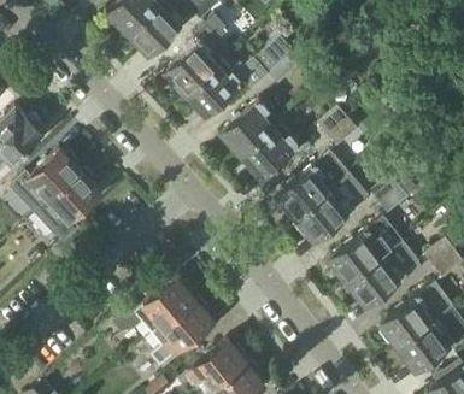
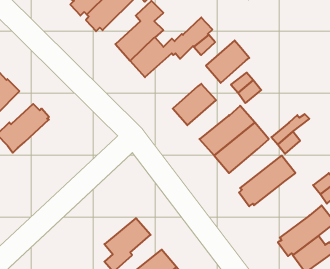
building: [223,101,280,157] -> [206,40,249,83]
building: [34,171,100,240] -> none
building: [348,241,419,306] -> none
building: [114,278,194,334] -> none

